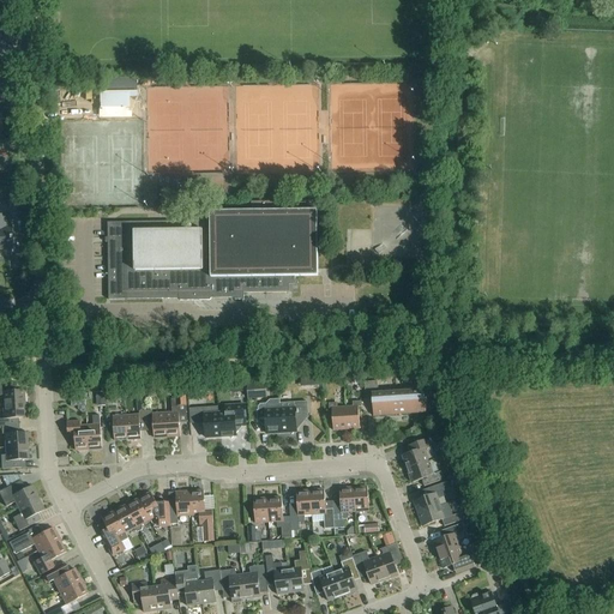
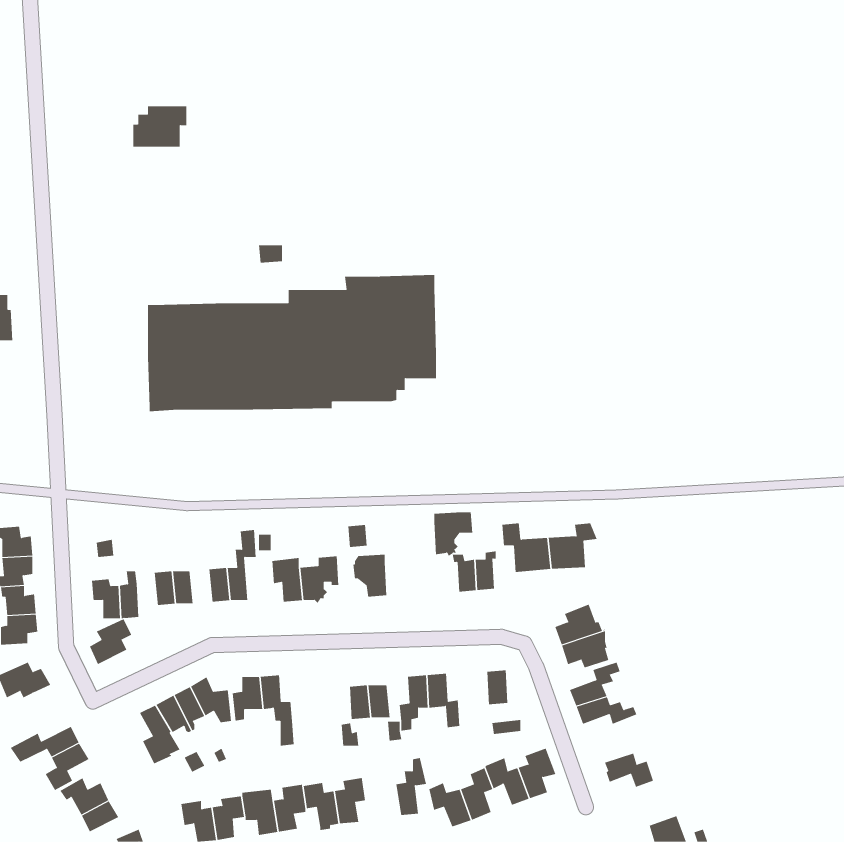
building: [279,401,308,433] -> [434,512,473,556]
building: [332,487,354,526] -> none
building: [12,496,43,530] -> [89,618,132,665]
building: [433,522,464,553] -> none
building: [264,554,290,594] -> none

